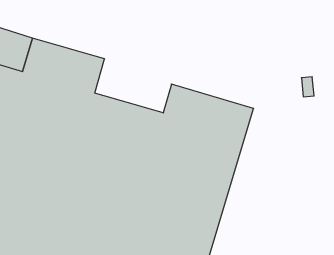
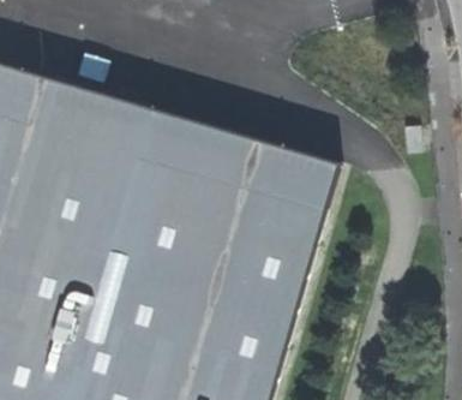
building: none -> [126,106,340,178]

